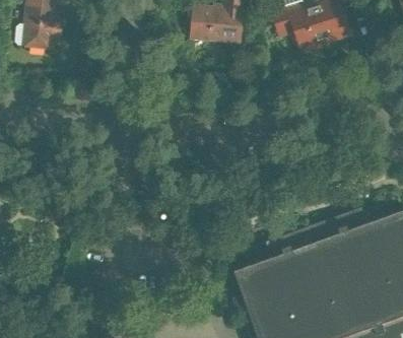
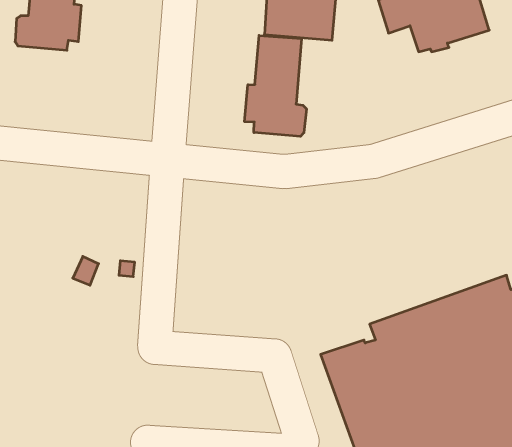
building: none -> [245,35,306,136]

